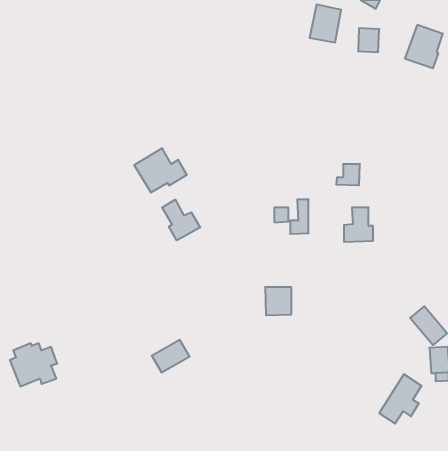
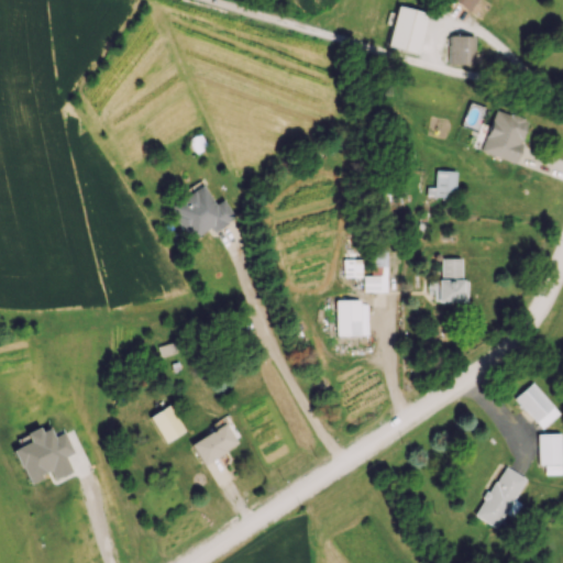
building: [405,25,443,68] -> [482,109,529,163]
building: [336,164,360,185] -> [428,170,457,197]
building: [162,200,200,240] -> none
building: [265,287,291,315] -> [336,300,369,335]
building: none -> [152,405,185,442]

